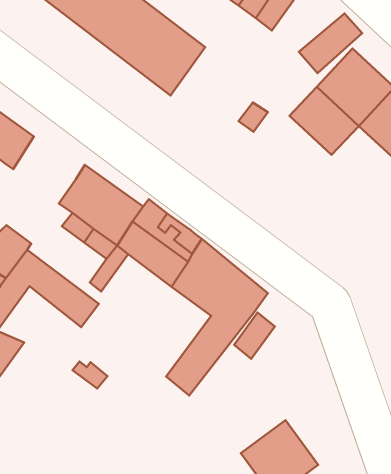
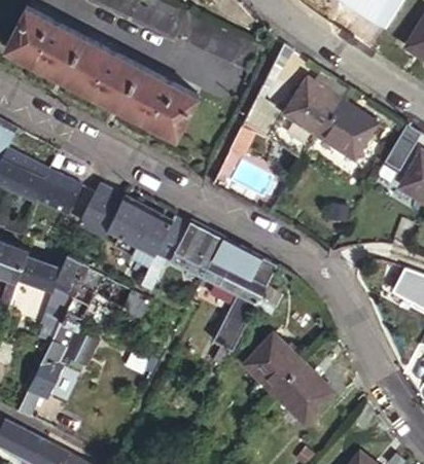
building: none -> [78,186,121,237]
building: none -> [243,333,302,392]

